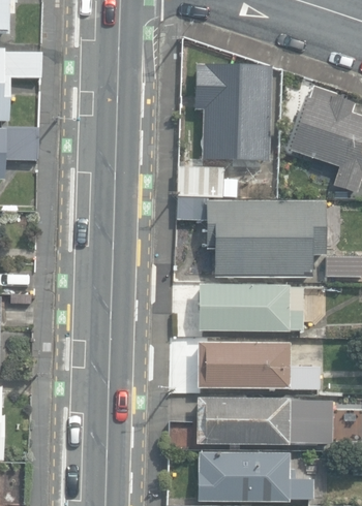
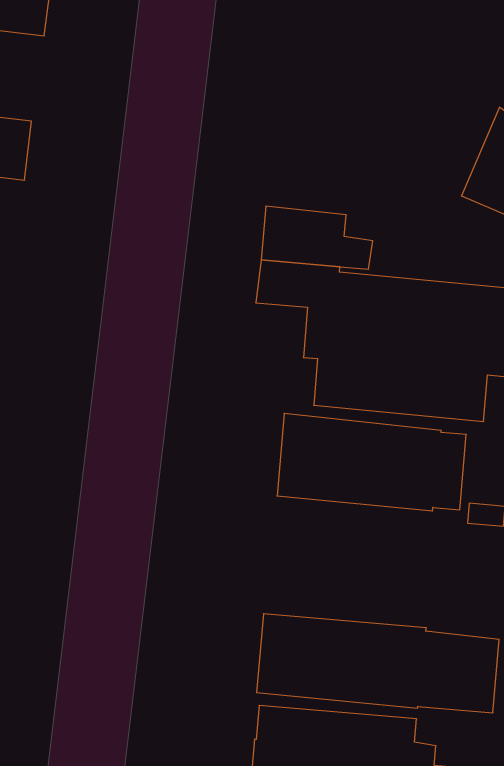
building: [195,63,273,161] -> none
building: [198,342,320,388] -> none

